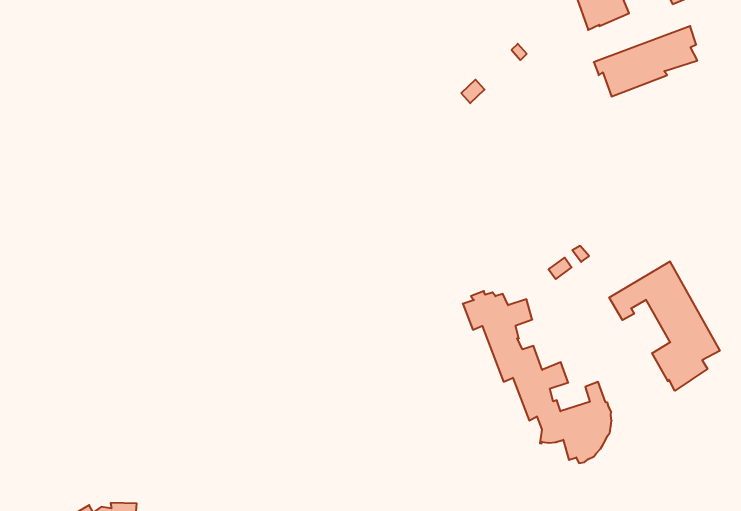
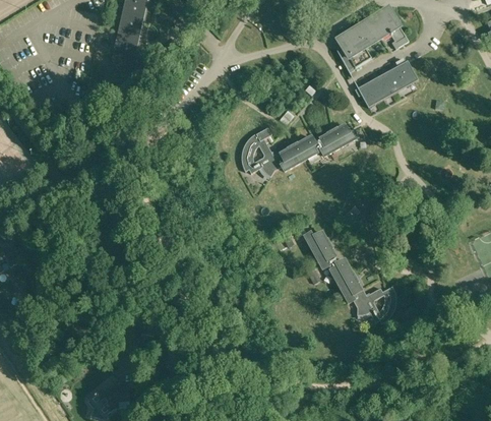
building: none -> [241,114,357,176]
building: [609,261,720,391] -> none

